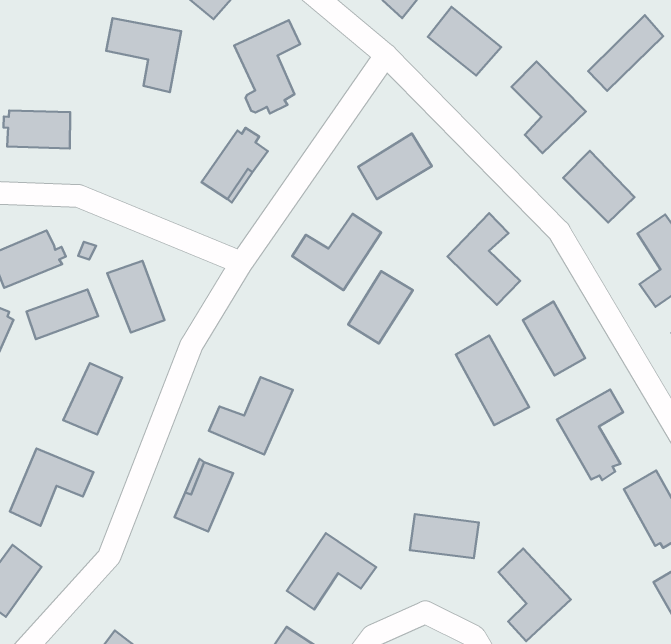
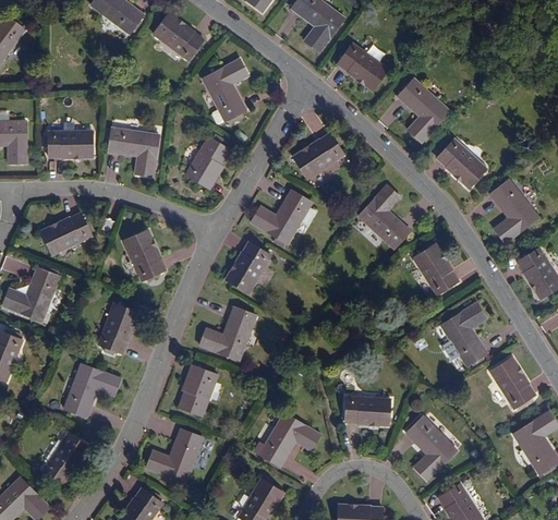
building: [588,15,663,91] -> none
building: [106,18,181,92] -> [108,128,159,177]
building: [348,271,413,344] -> [227,242,270,292]
building: [26,289,98,339] -> none
building: [456,336,529,425] -> none
building: none -> [146,428,203,482]

